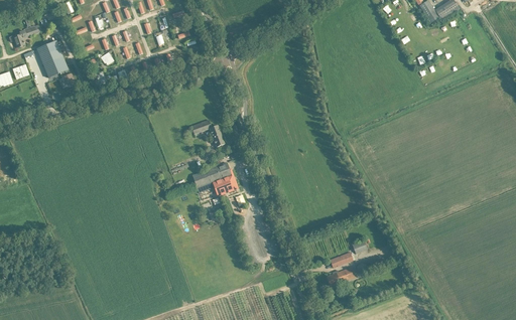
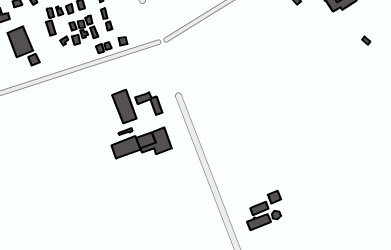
building: none -> [112,90,137,123]
building: none -> [112,136,140,159]

